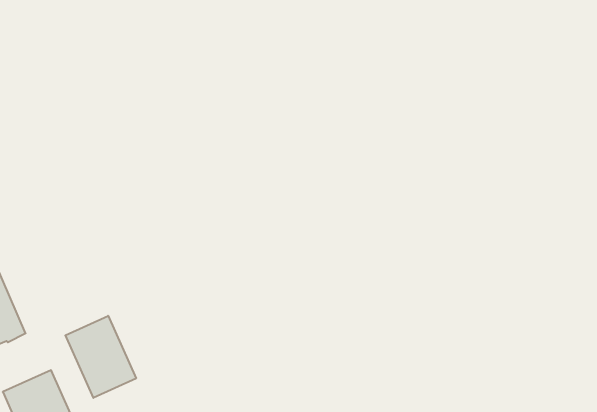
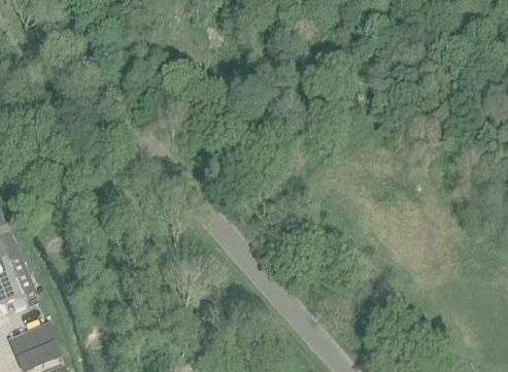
building: [65,316,136,398] -> none

